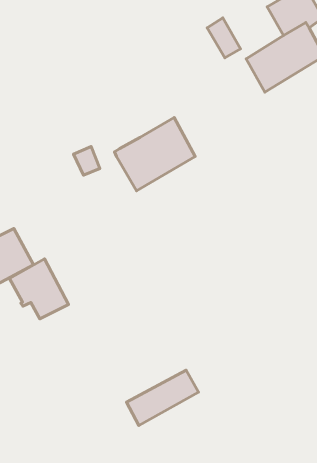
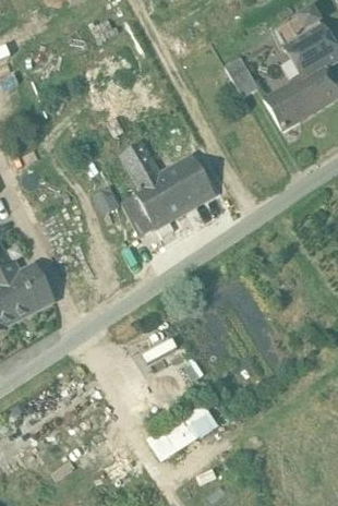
building: none -> [122,143,159,185]
building: none -> [121,193,156,237]
building: [9,259,69,319] -> none

